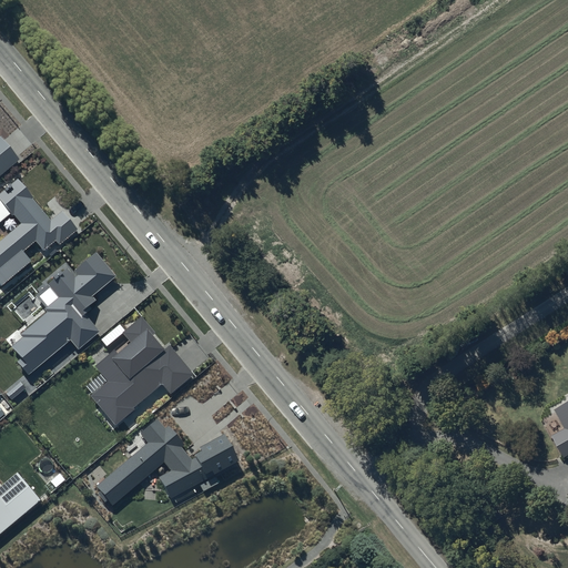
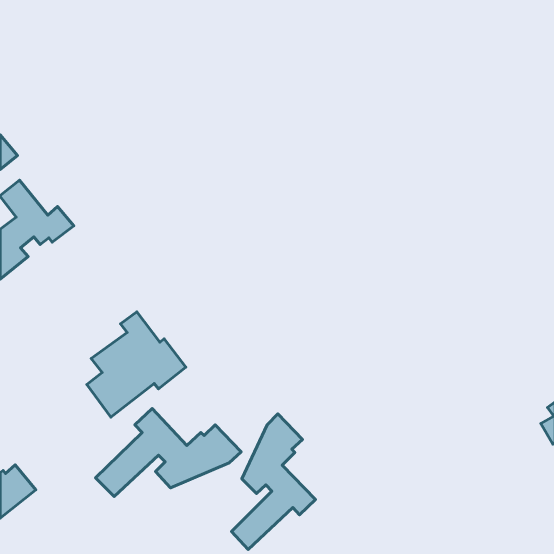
building: [6,251,114,374] -> none
building: none -> [232,414,315,549]

